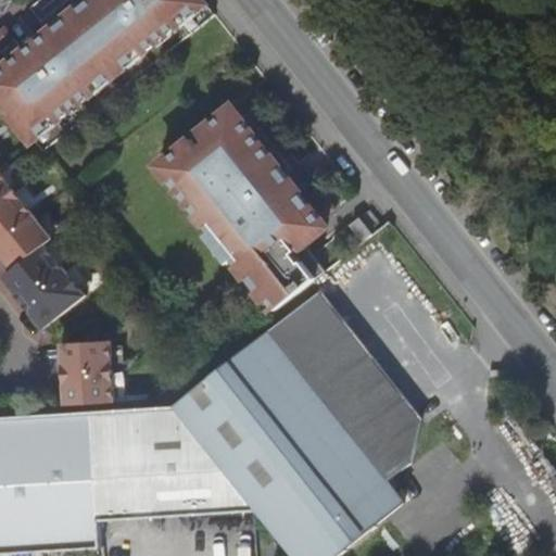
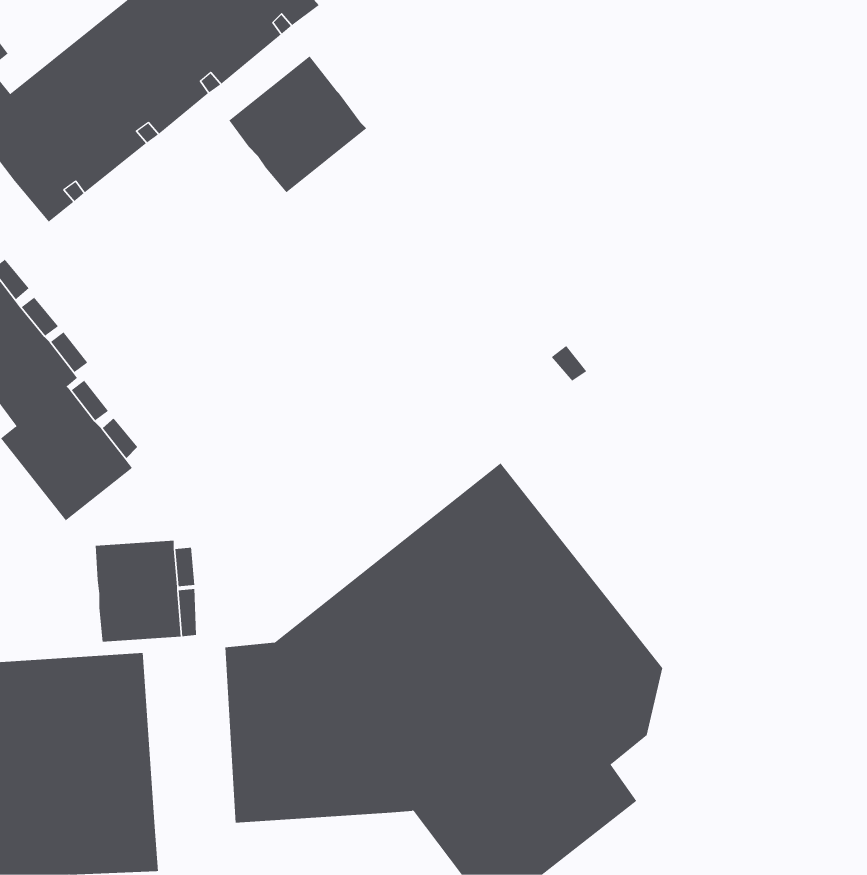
building: none -> [229,55,367,193]
building: [154,106,331,309] -> none
building: [90,407,148,520] -> none

